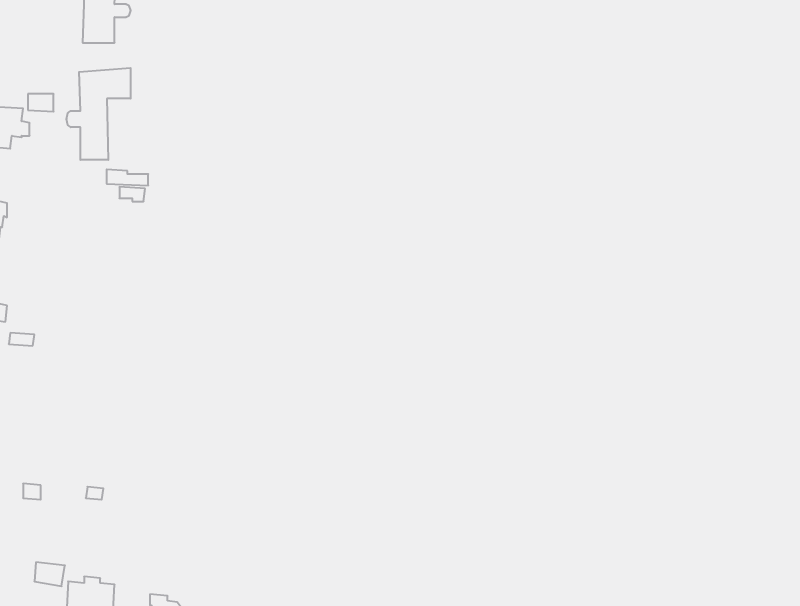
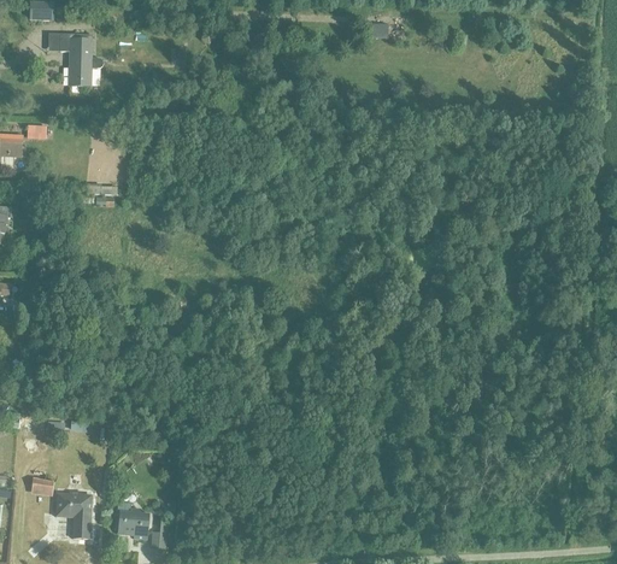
building: [67,68,131,160] -> none

